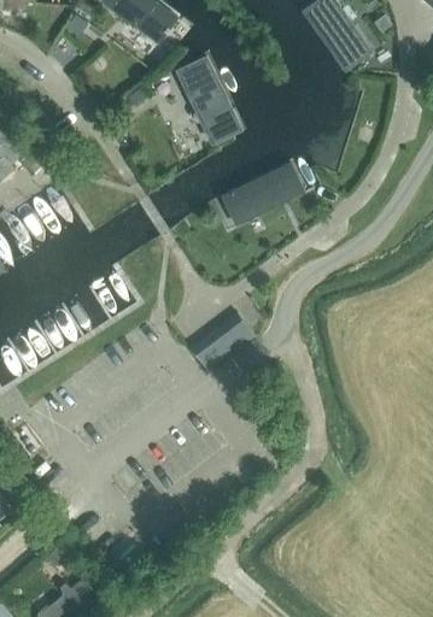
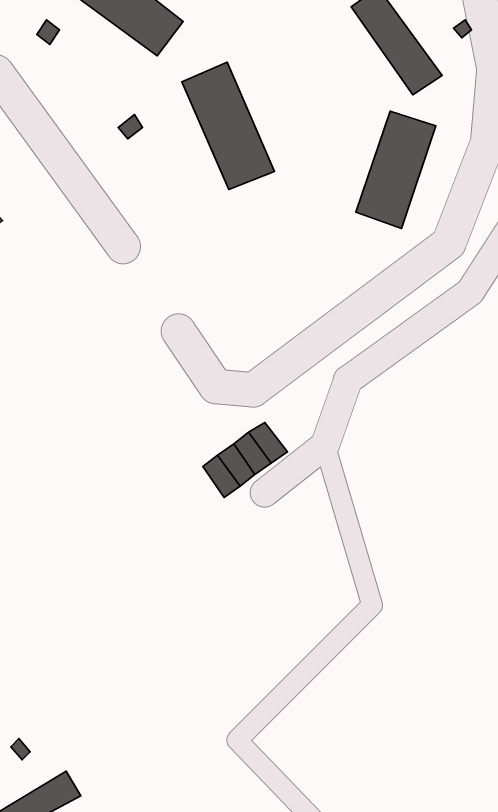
building: [215,168,310,236] -> none

